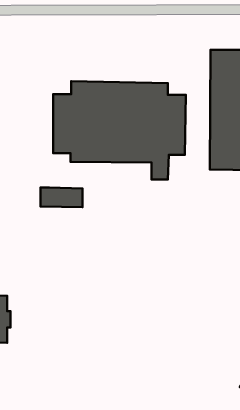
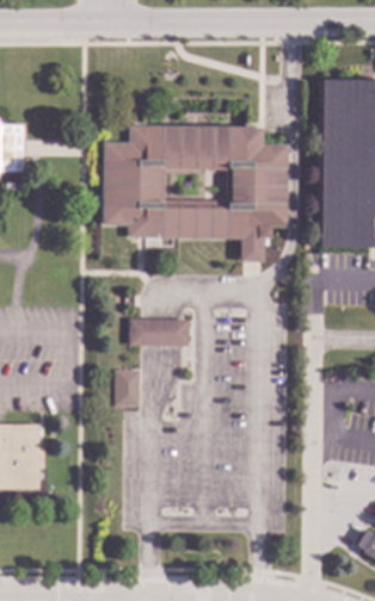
building: [41,188,82,207] -> [130,317,189,345]
building: none -> [116,368,141,405]

